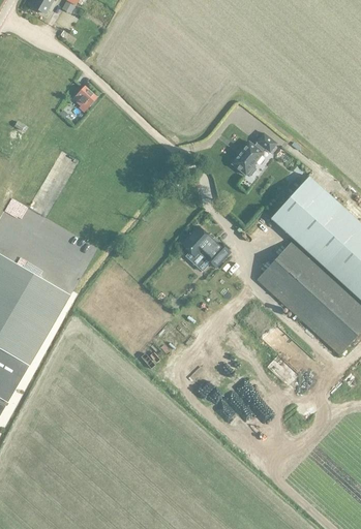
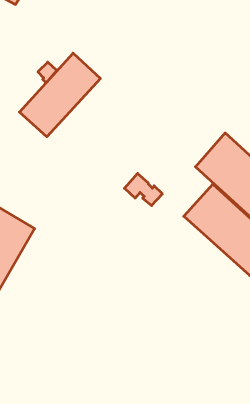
building: none -> [19,53,100,137]
building: [232,132,277,176] -> none

